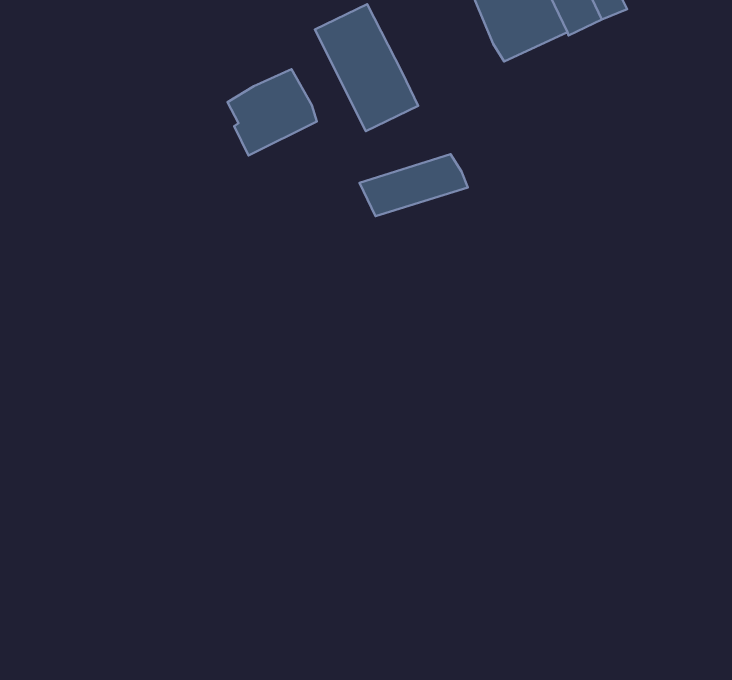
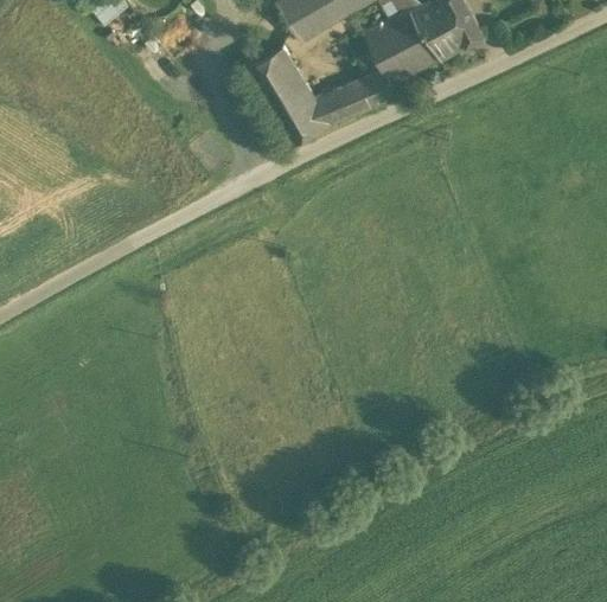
building: [228,69,317,156] -> none
building: [359,154,468,216] -> [317,69,401,121]

